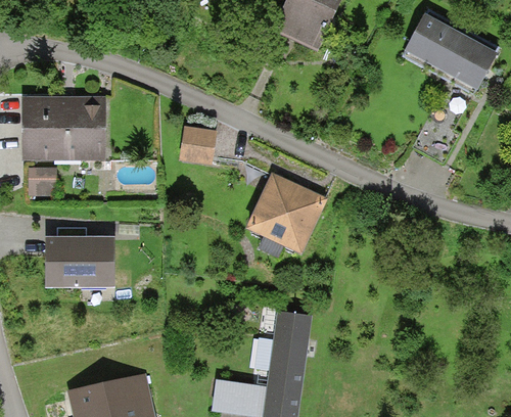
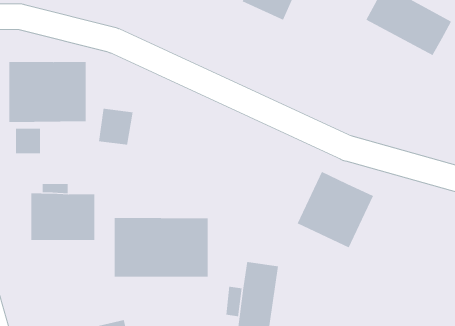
building: [179,125,217,165] -> [98,108,133,145]
building: [245,172,328,254] -> [297,171,374,248]
building: none -> [114,217,208,278]

